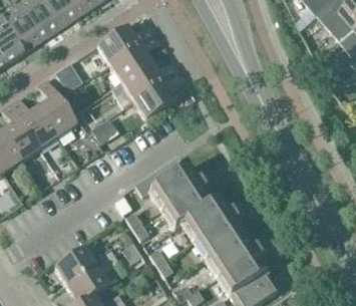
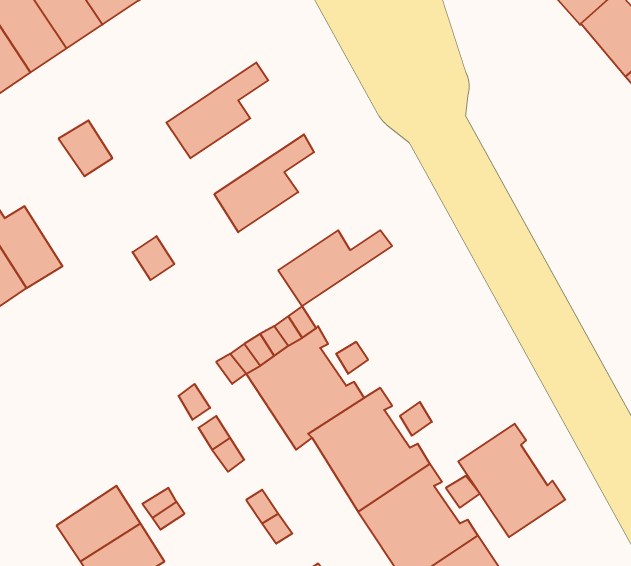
building: [97,26,154,64] -> none
building: [121,62,179,100] -> [278,230,392,306]
building: [37,78,76,136] -> none
building: none -> [458,424,565,537]

